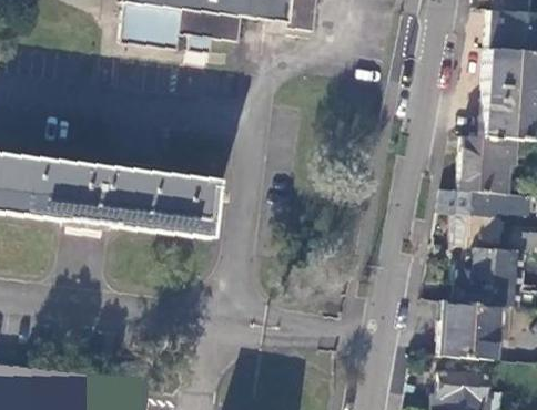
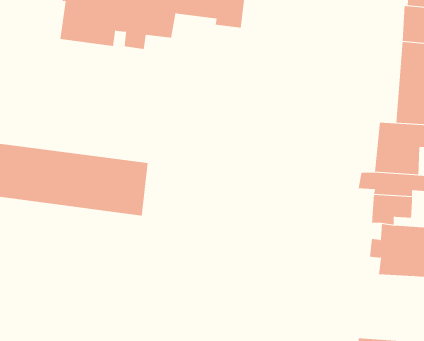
building: [438,298,501,358] -> none

